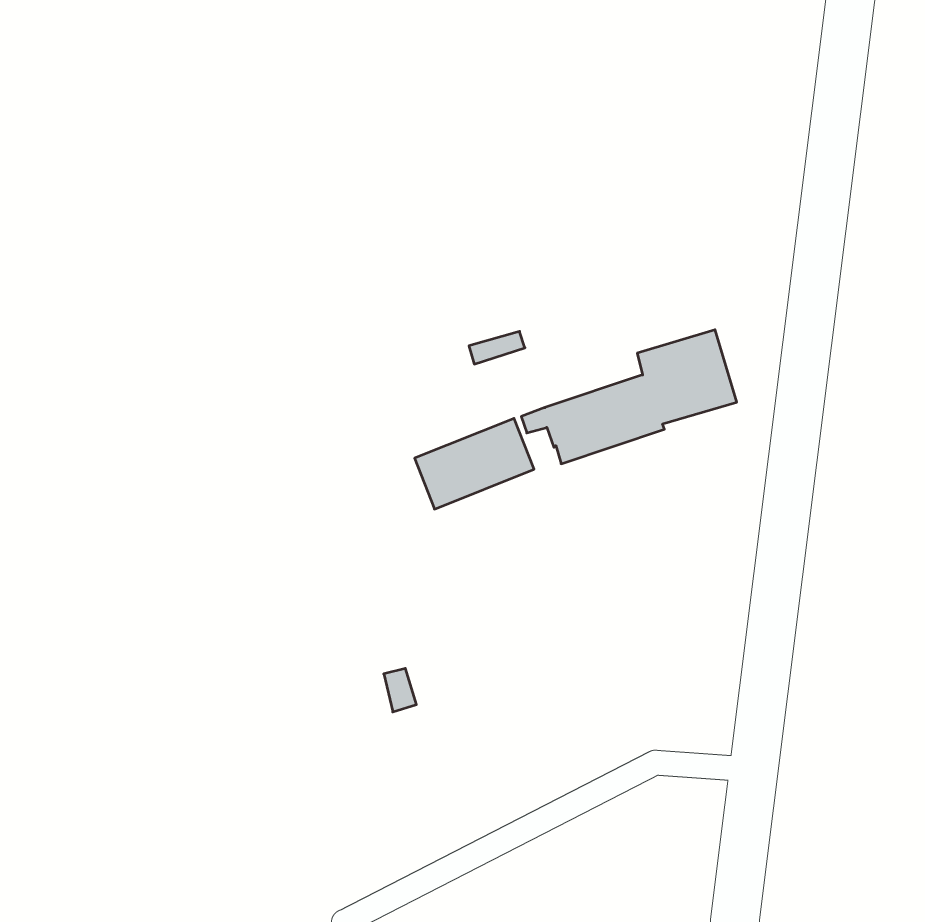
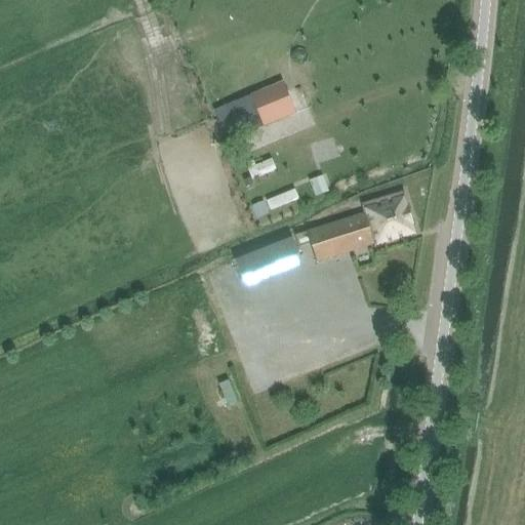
building: none -> [216,82,296,138]

